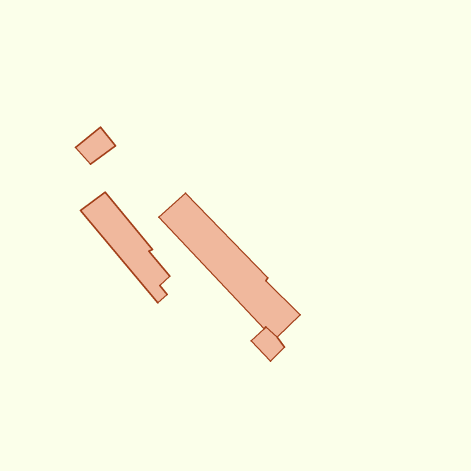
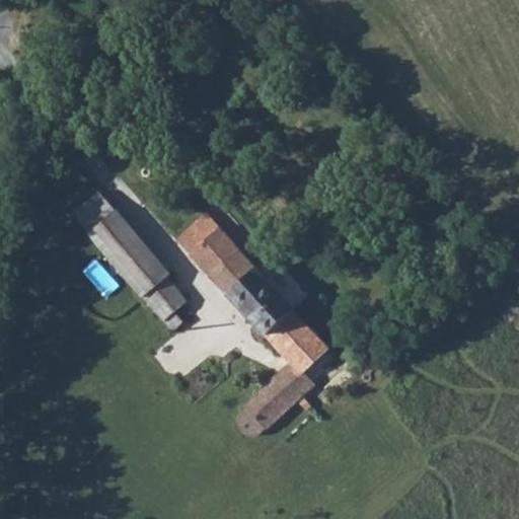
building: [76,127,115,164] -> [72,192,116,232]
building: none -> [241,375,297,431]

